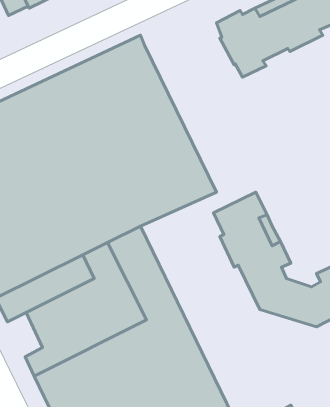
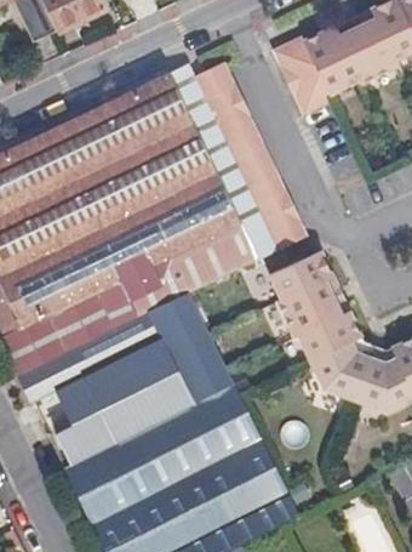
building: none -> [191,61,309,250]

